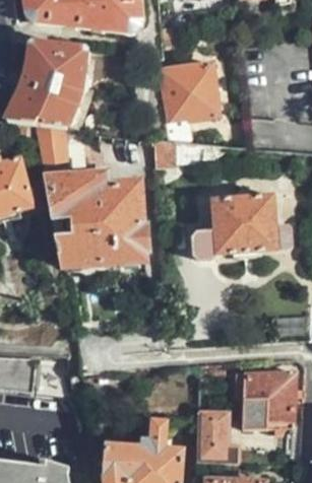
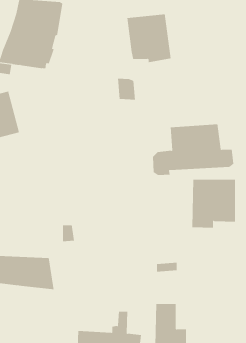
building: [35,125,65,172] -> none
building: [45,172,143,264] -> none
building: [241,367,294,426] -> [192,179,236,228]

